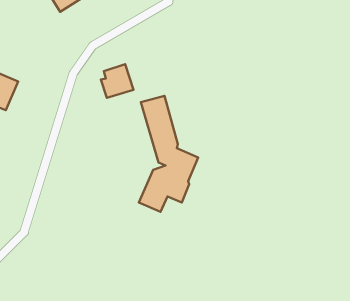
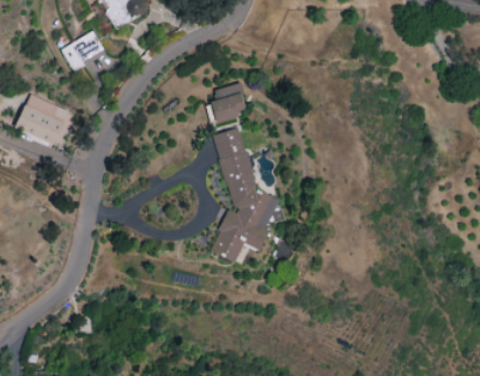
building: none -> [61,30,107,72]
building: [101,64,134,98] -> [209,83,248,122]

